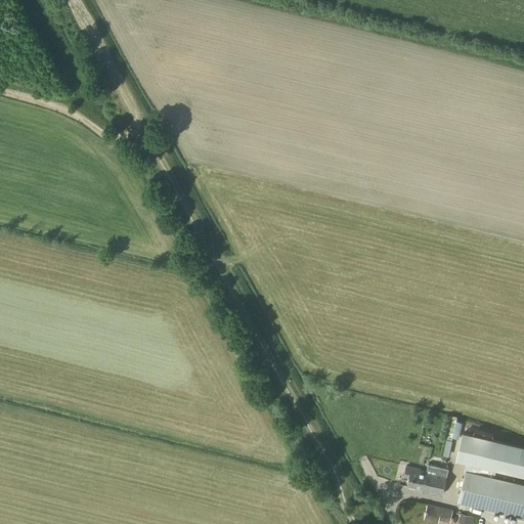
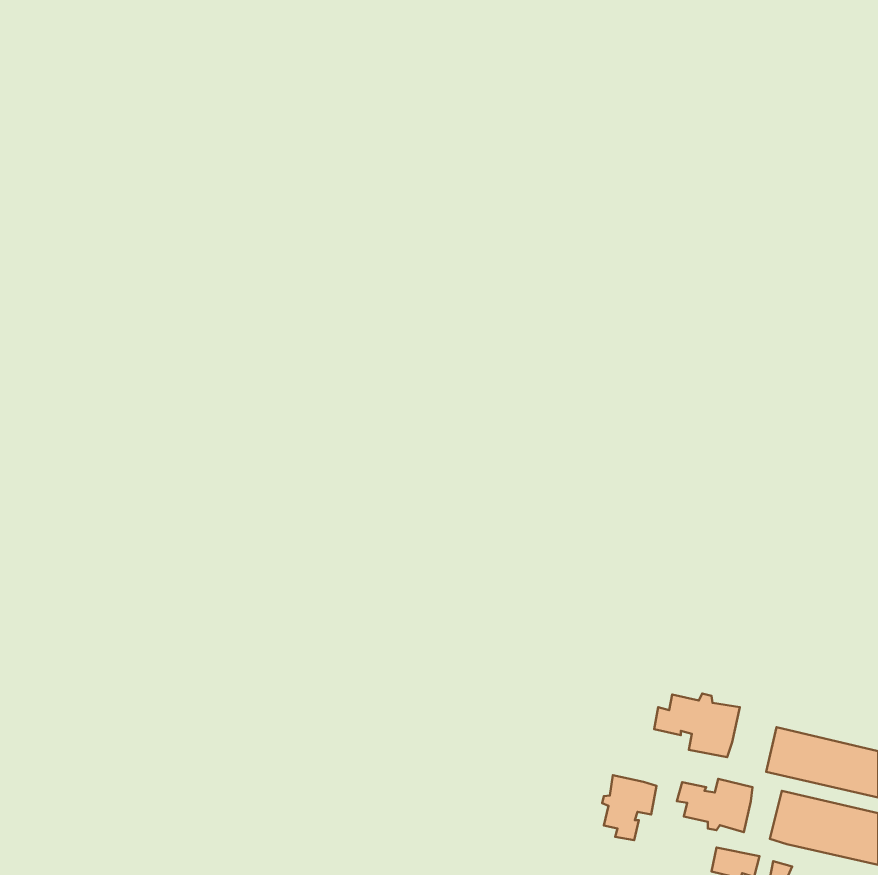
building: none -> [654,694,740,757]
building: none -> [602,775,657,840]

